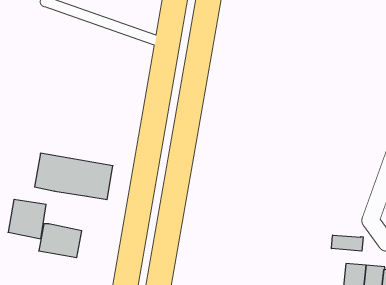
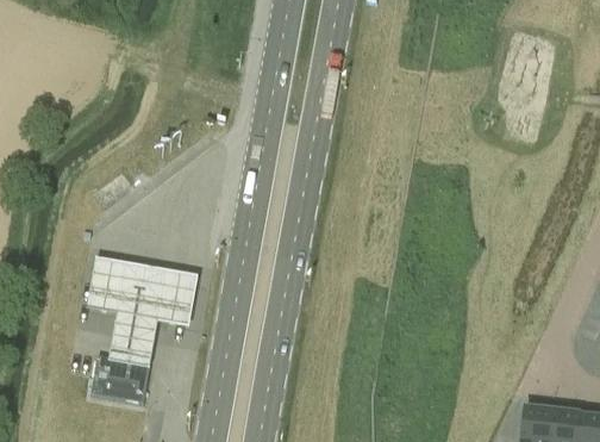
building: [8,199,46,239] -> [106,309,160,365]
building: [331,235,363,251] -> none

